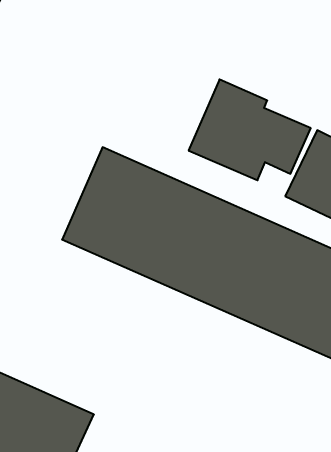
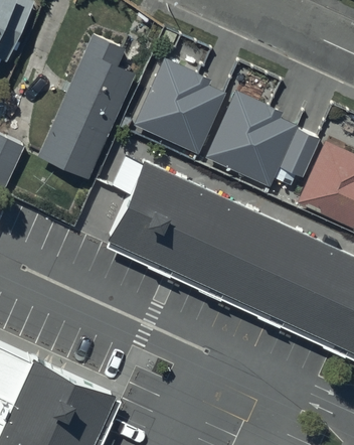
building: none -> [38,31,137,176]
building: none -> [135,57,227,154]

